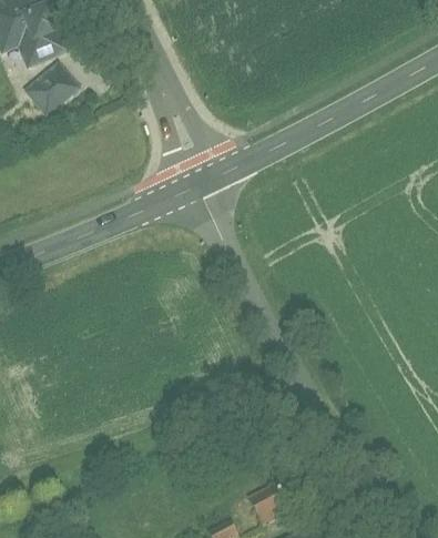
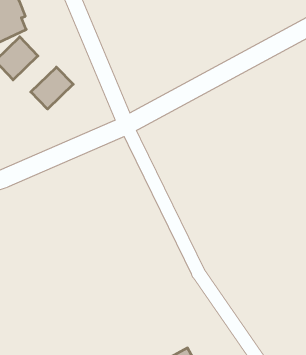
building: none -> [31,67,73,109]

